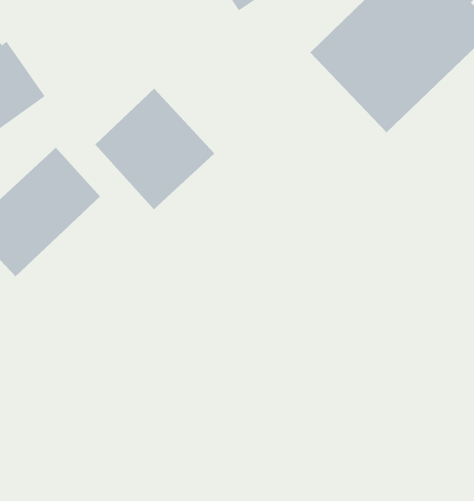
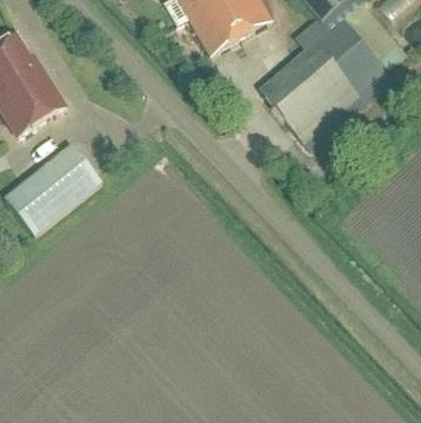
building: [94,88,215,210] -> none

